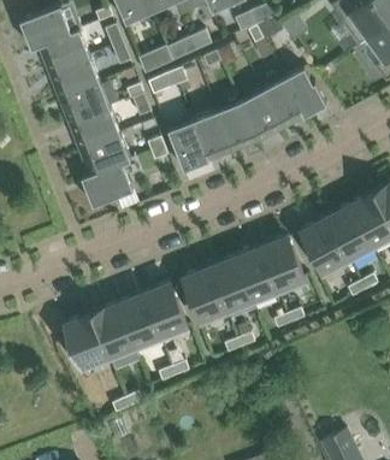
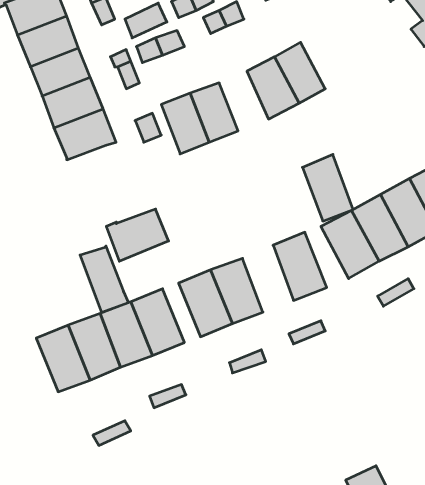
building: [284,67,326,116] -> none
building: [217,101,258,151] -> none
building: [82,163,134,206] -> [106,209,169,261]
building: [236,246,278,301] -> [302,154,353,221]
building: none -> [80,246,128,312]

